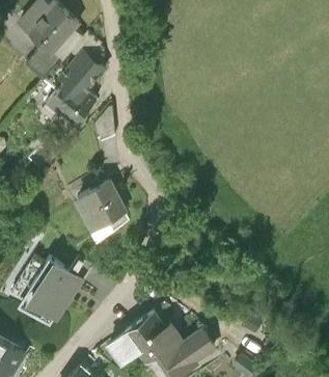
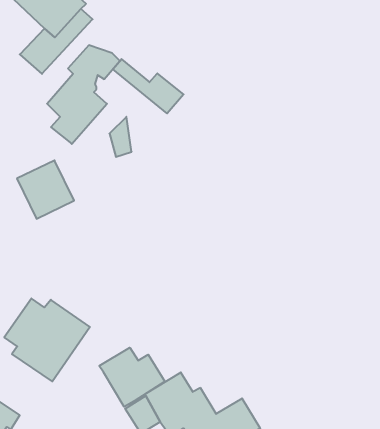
building: none -> [113,59,184,113]
building: [78,184,124,231] -> [17,160,74,219]
building: none -> [99,348,165,407]

